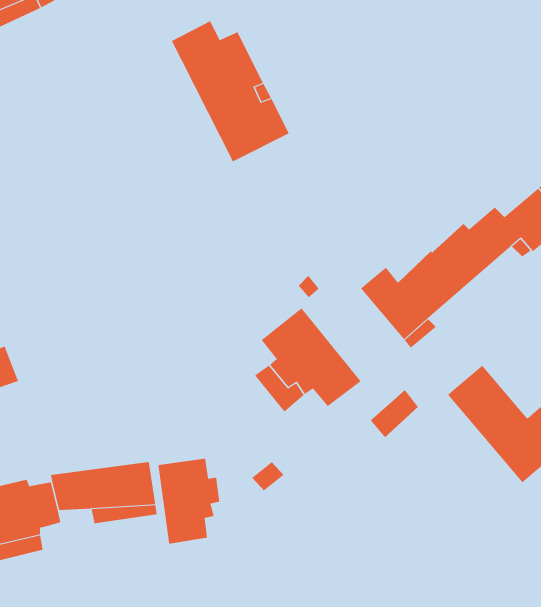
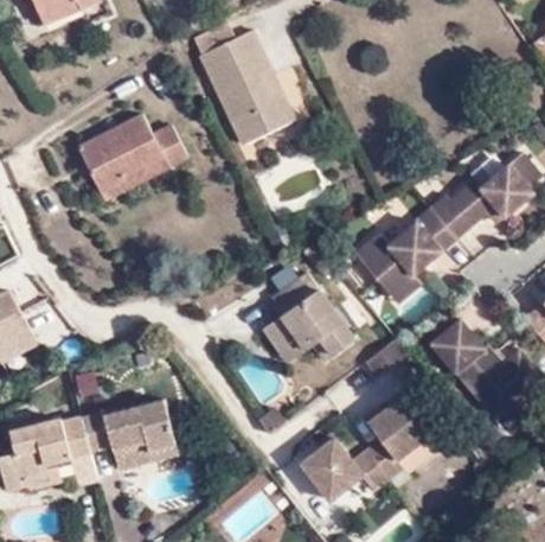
building: none -> [79,114,190,192]
building: none -> [301,391,431,498]
building: [158,458,220,545] -> none

